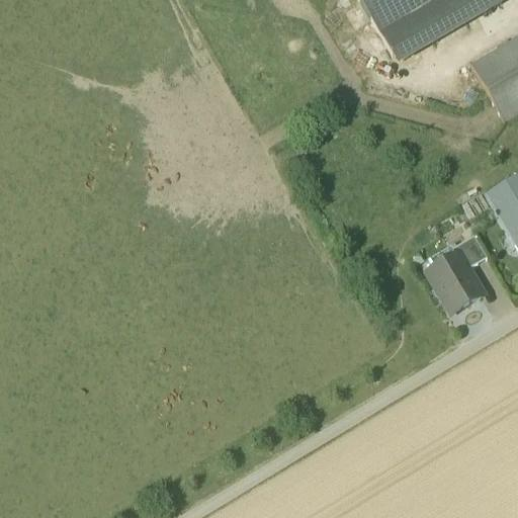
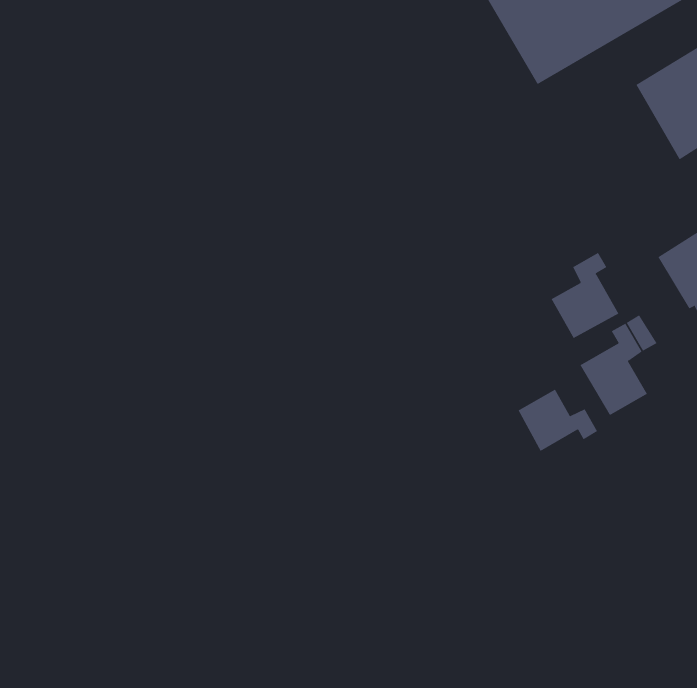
building: none -> [551,252,619,339]
building: none -> [518,389,598,452]

